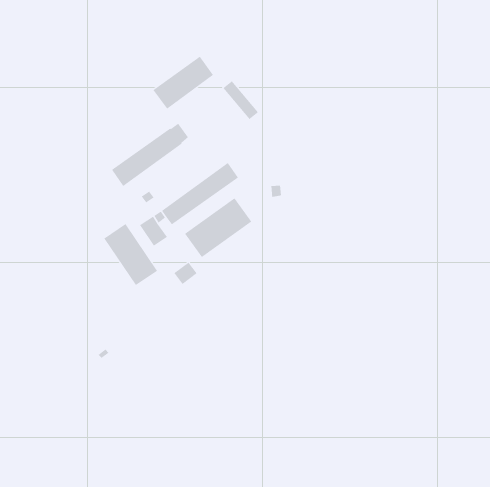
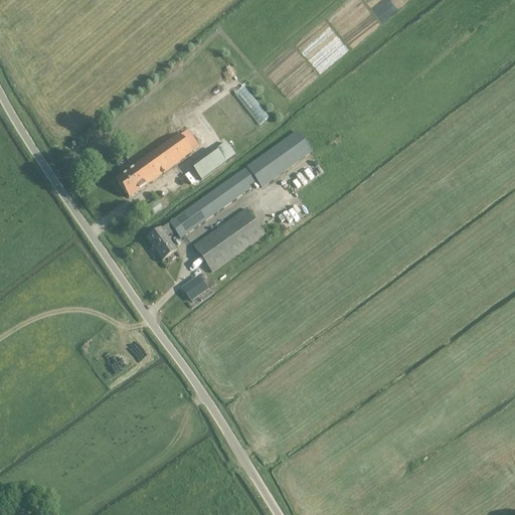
building: [152,56,214,109] -> [246,129,311,185]
building: none -> [192,148,226,179]
building: [103,223,158,286] -> none

